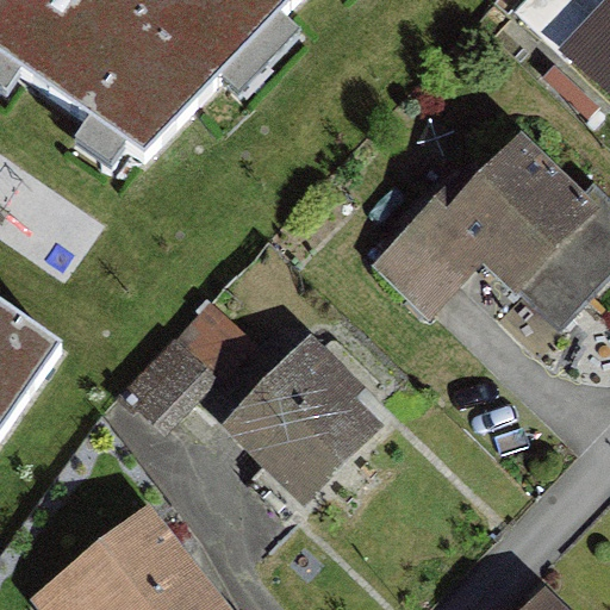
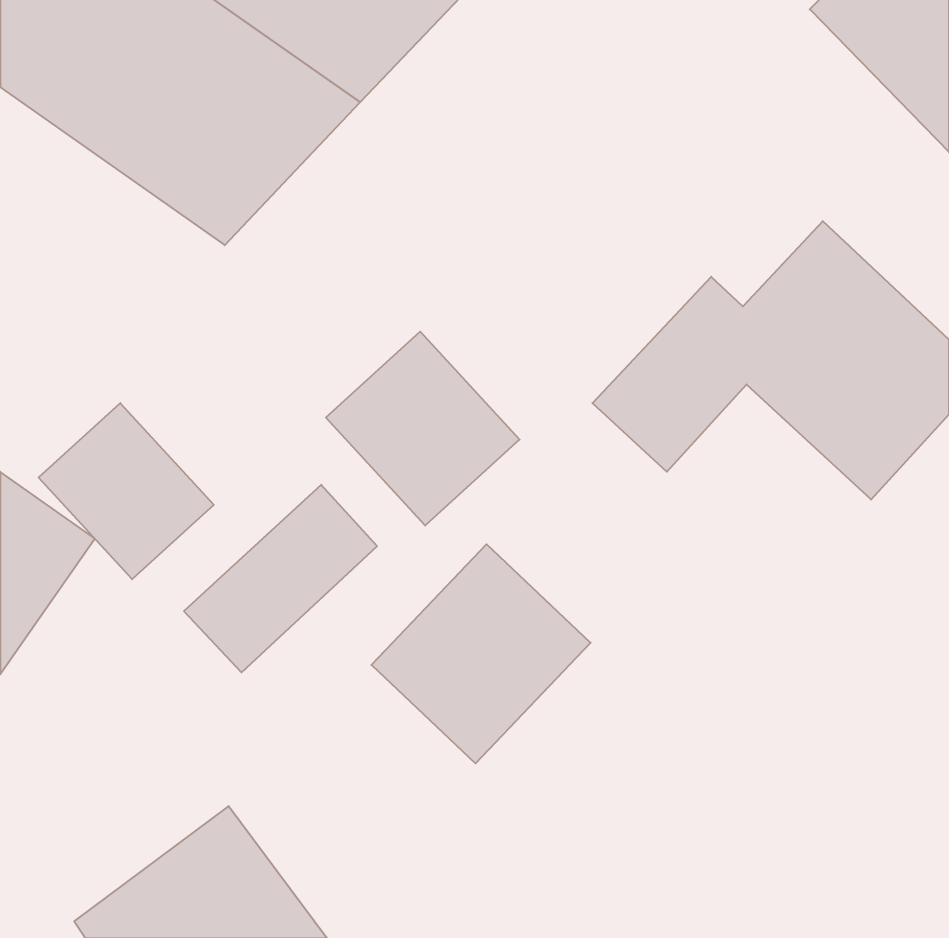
building: none -> [326,332,520,526]
building: none -> [39,403,214,579]

